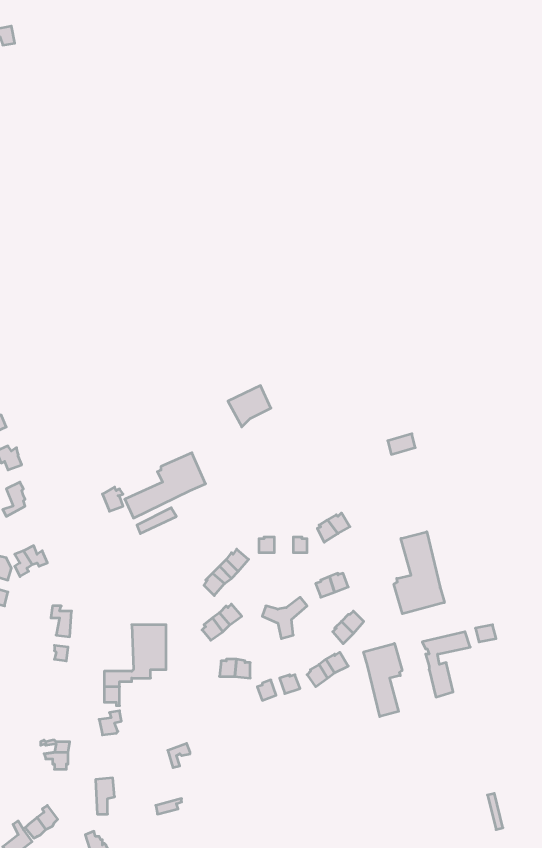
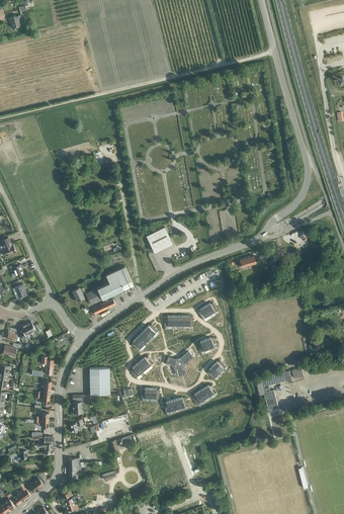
building: [394,532,444,614] -> none
building: [364,643,402,717] -> none

